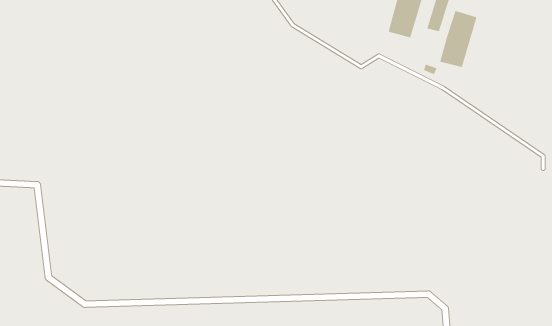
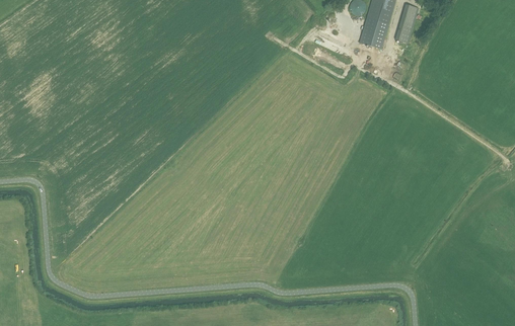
building: [439,10,477,68] -> none

